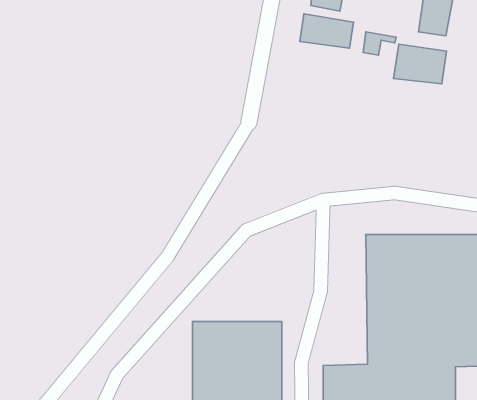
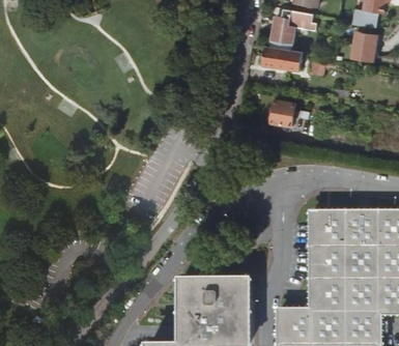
building: [393,44,446,84] -> none
building: none -> [270,99,309,126]

